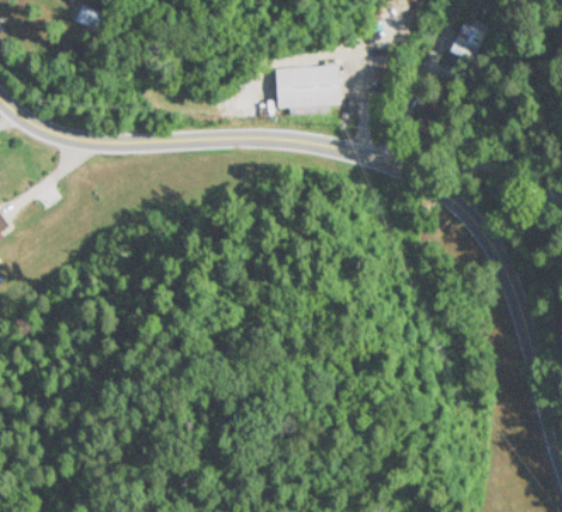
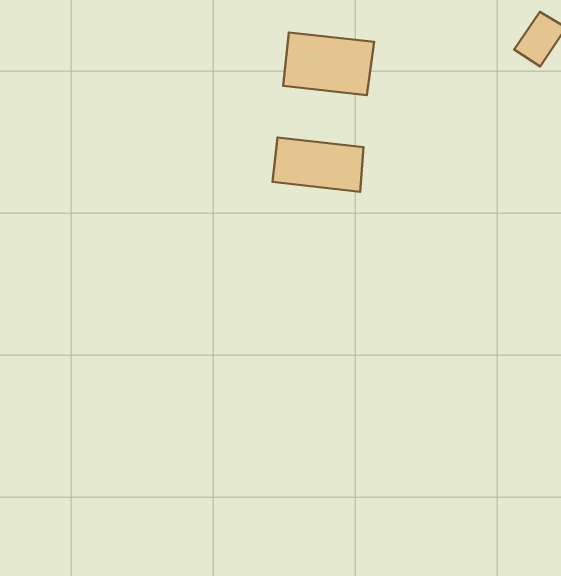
building: none -> [272,138,364,192]

